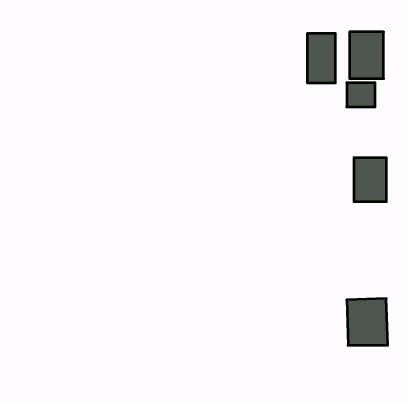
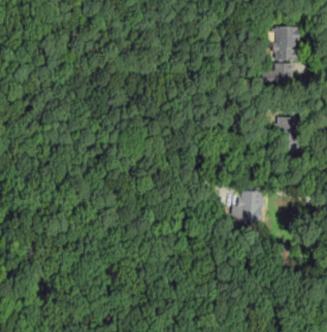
building: [308,33,335,83] -> none
building: [347,299,388,345] -> [232,191,262,225]

